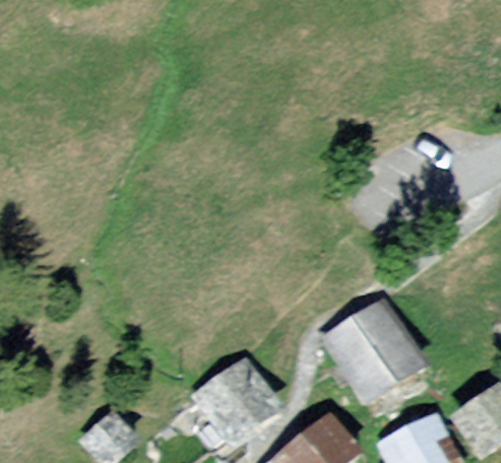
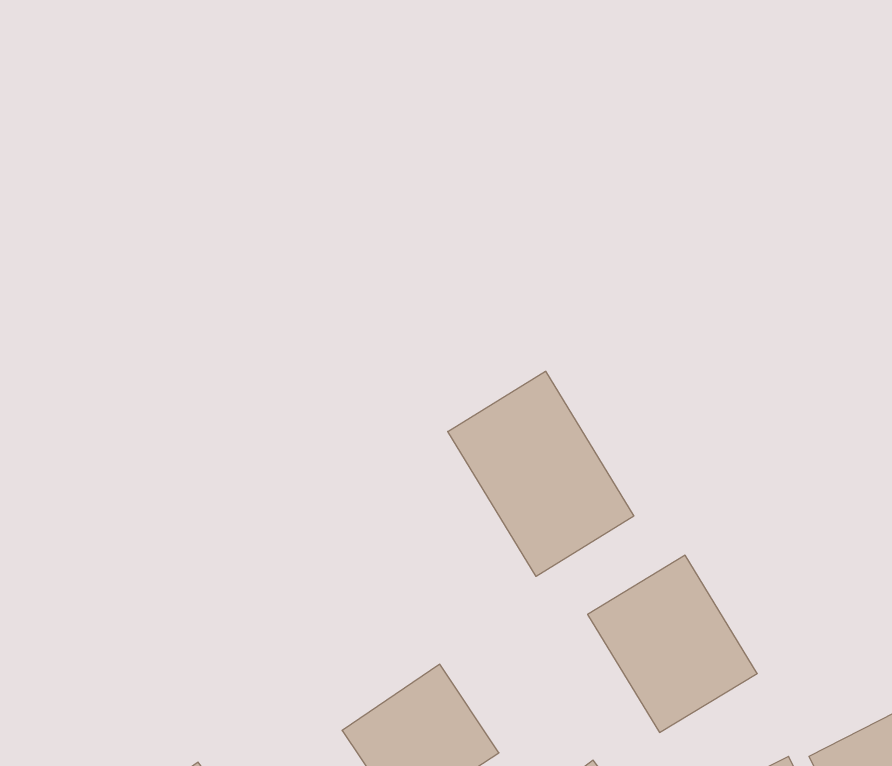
building: none -> [448,371,634,576]

